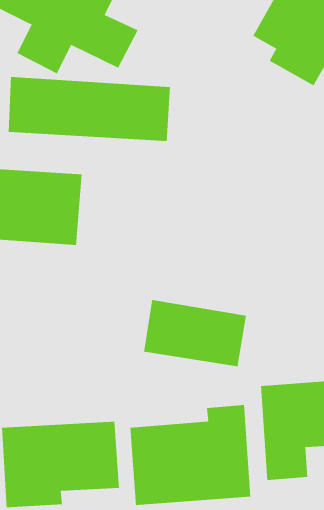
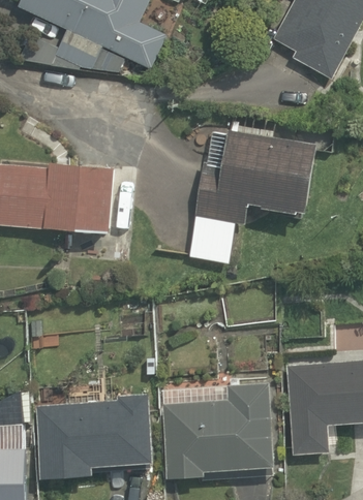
building: [8,76,171,142] -> none
building: none -> [184,122,323,264]
building: [144,299,247,367] -> none

